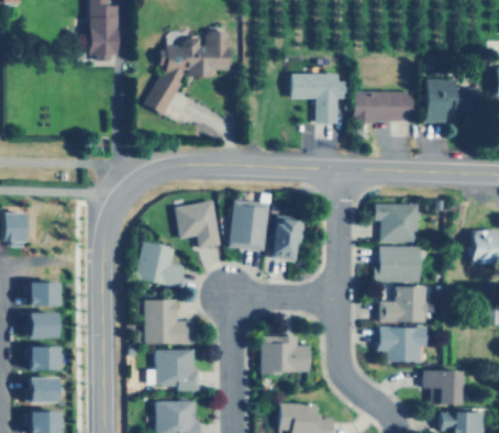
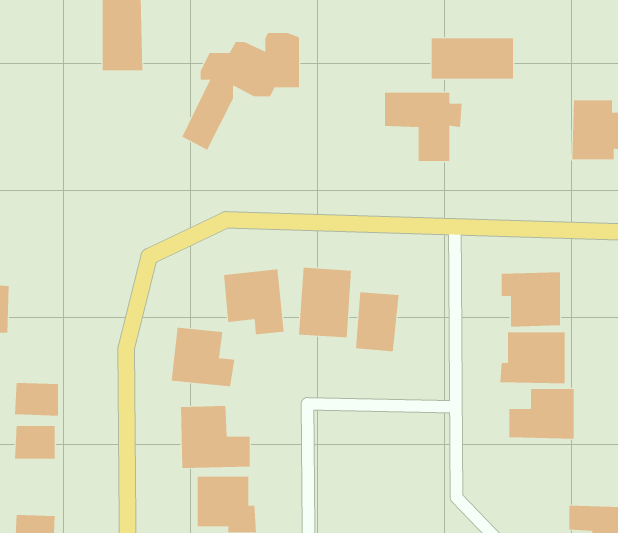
building: [354,92,413,122] -> [431,38,514,79]
building: [378,326,429,362] -> none
building: [260,335,310,374] -> none
building: [27,346,60,370] -> none

